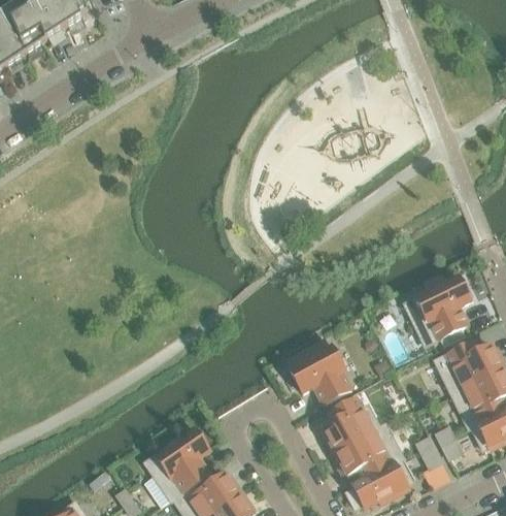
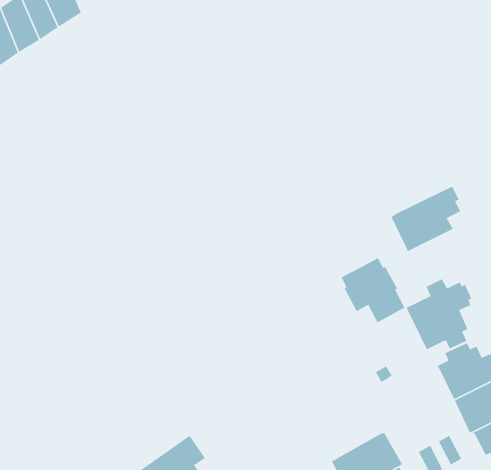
building: none -> [391,186,461,252]
building: [288,340,351,405] -> [340,257,406,324]
building: [323,398,379,454] -> none

